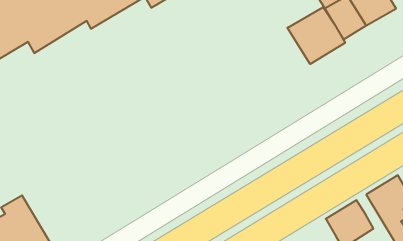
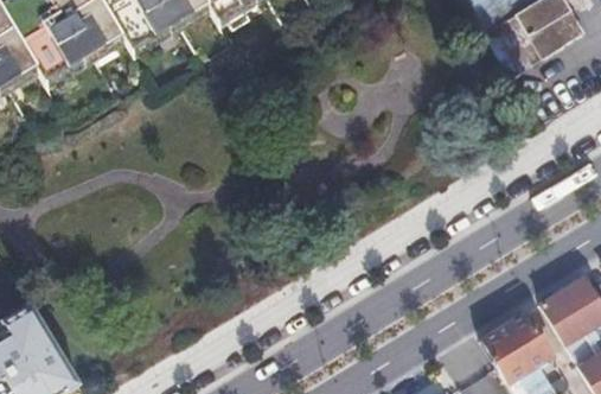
building: [287,7,345,64] -> none

